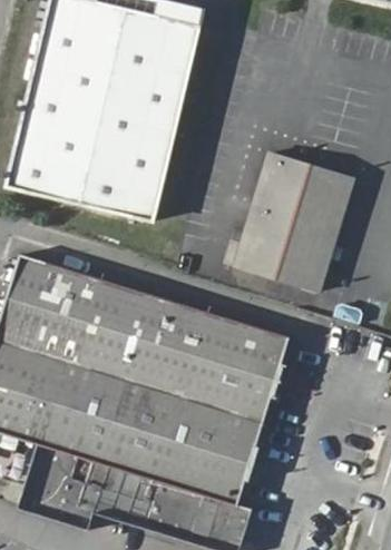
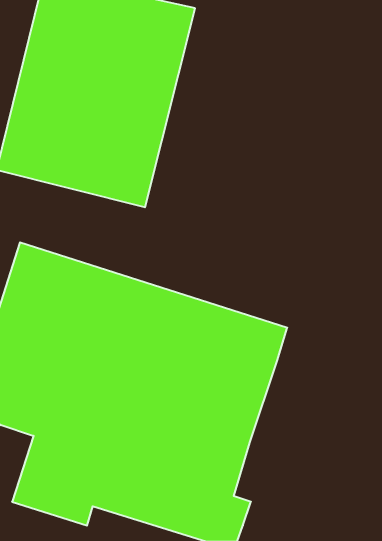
building: [238,151,355,287] -> none

